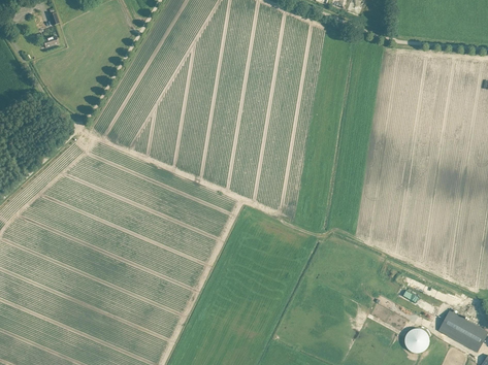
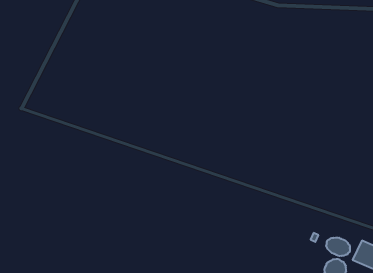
building: none -> [326,238,350,256]

